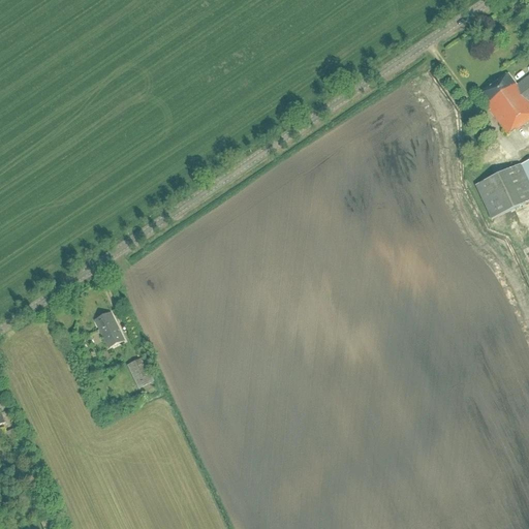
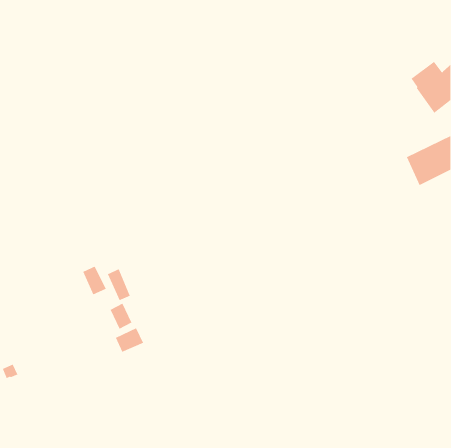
building: none -> [107,268,131,301]
building: none -> [115,327,144,353]

